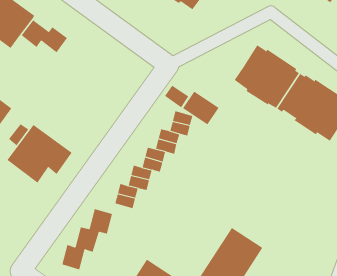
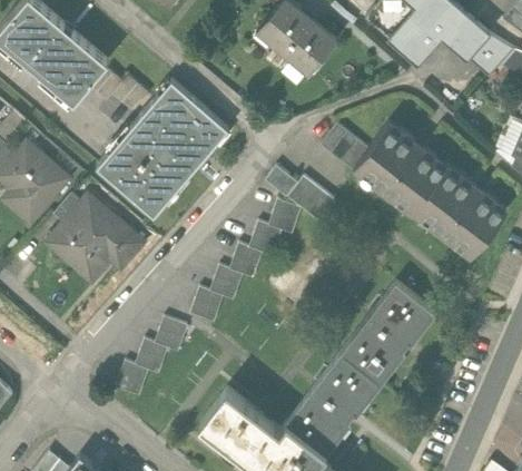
building: none -> [97,82,227,217]
building: none -> [322,126,370,171]
building: none -> [338,284,434,386]

